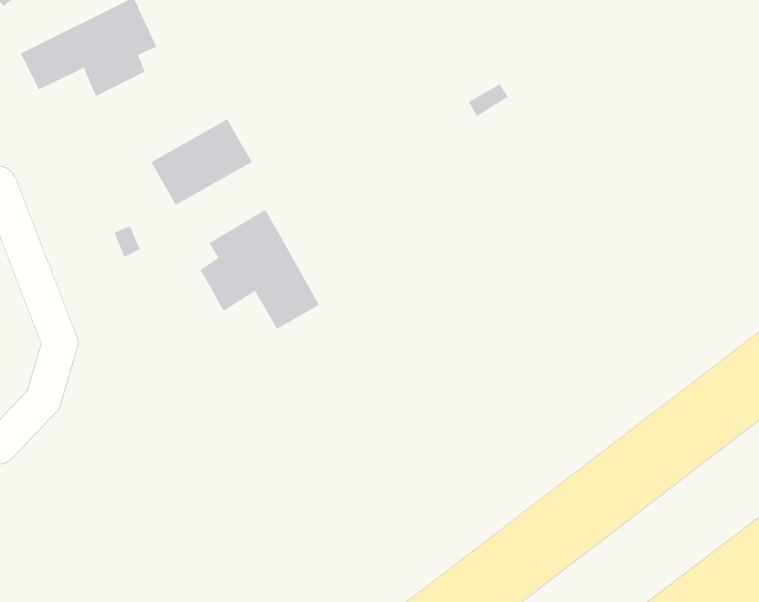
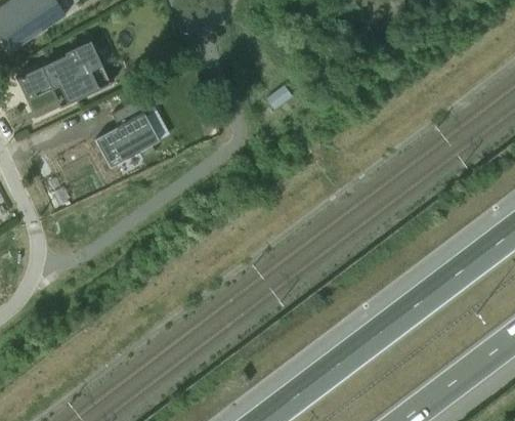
building: [200,209,320,329] -> none

